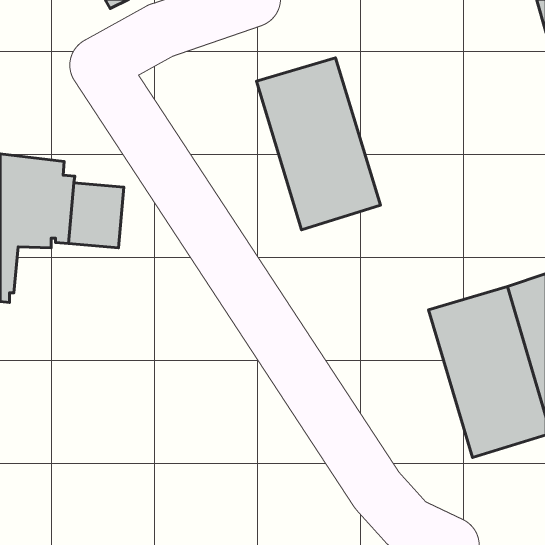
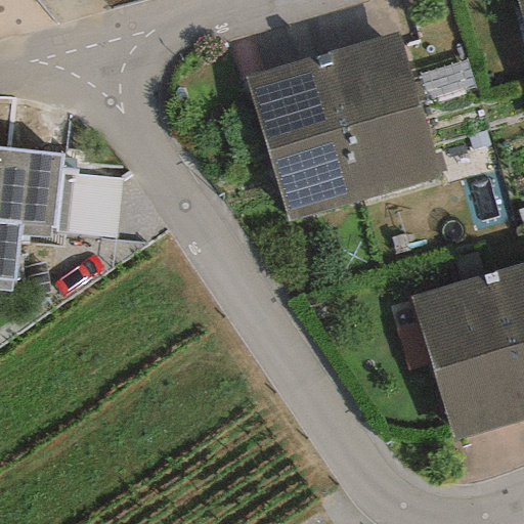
building: none -> [322,32,443,196]

